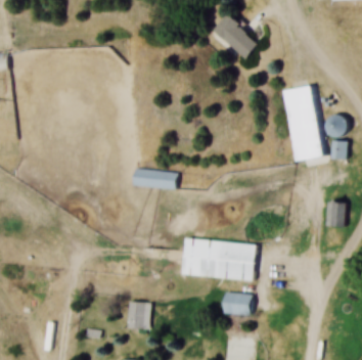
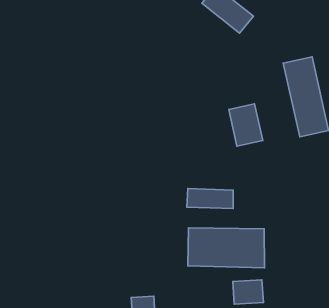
building: none -> [229,104,263,146]
building: [131,168,176,189] -> [187,189,233,209]

